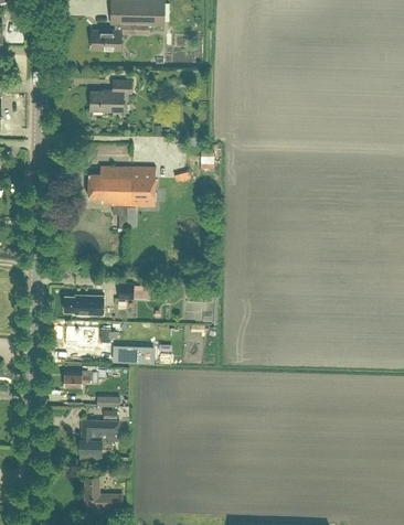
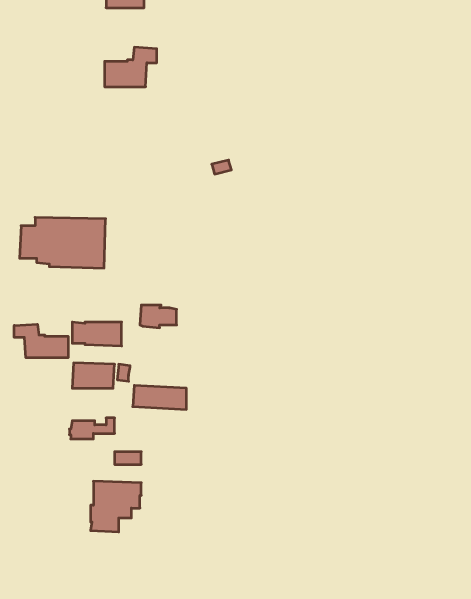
building: [87,167,155,206] -> [20,217,106,268]
building: none -> [14,324,68,358]
building: [84,478,121,507] -> none

